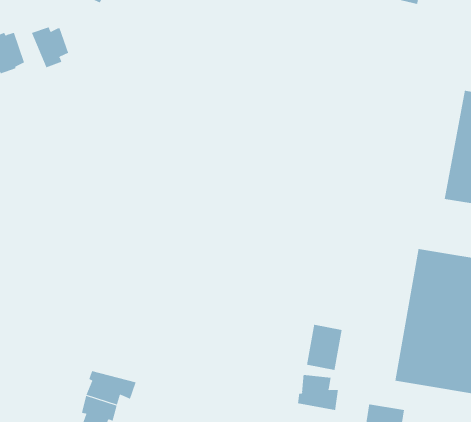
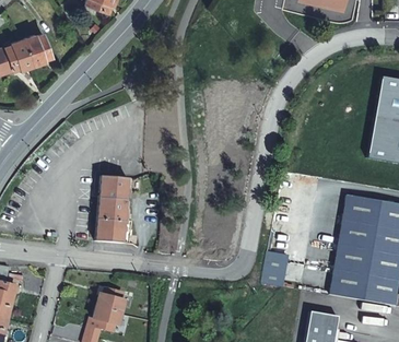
building: [31,26,69,68] -> none
building: none -> [95,175,131,243]
building: [297,374,338,411] -> none

